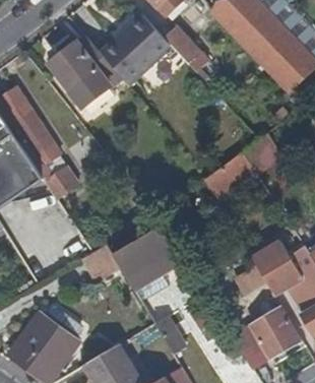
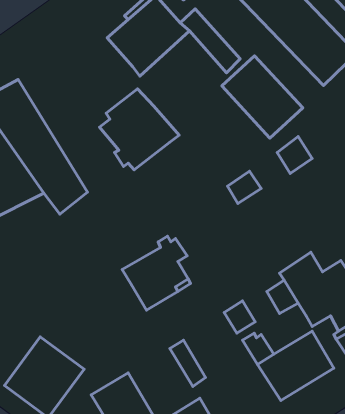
building: [52,36,122,107] -> [99,89,179,170]
building: none -> [222,56,303,138]
building: [82,244,121,282] -> none

